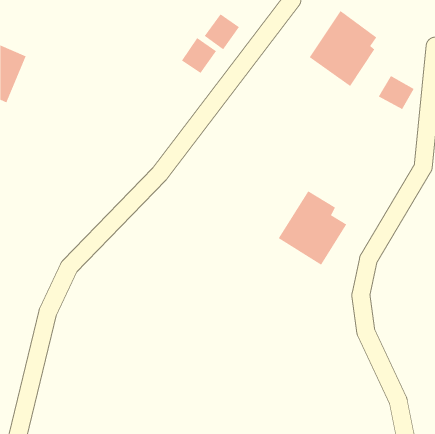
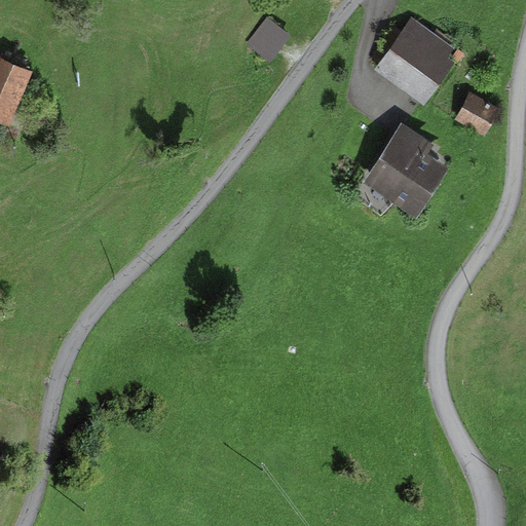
building: [181,37,217,74] -> none
building: [278,190,347,265] -> [364,124,447,215]

